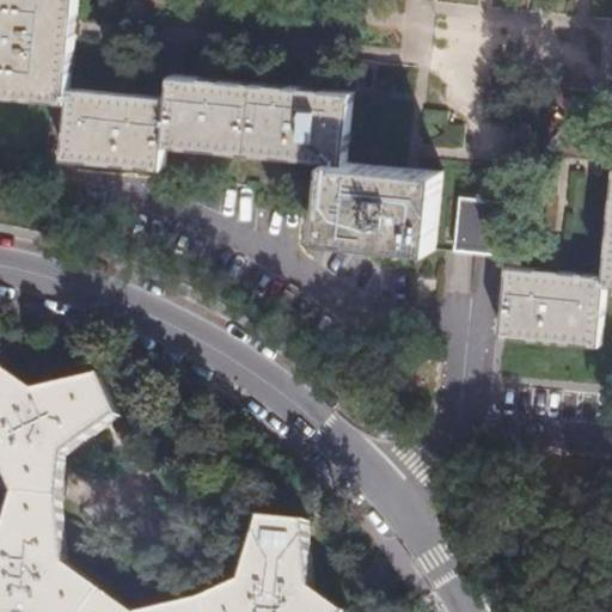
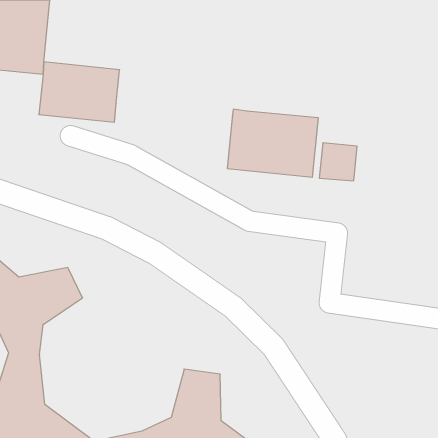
building: [161,73,350,161] -> none
building: [491,271,600,350] -> none

